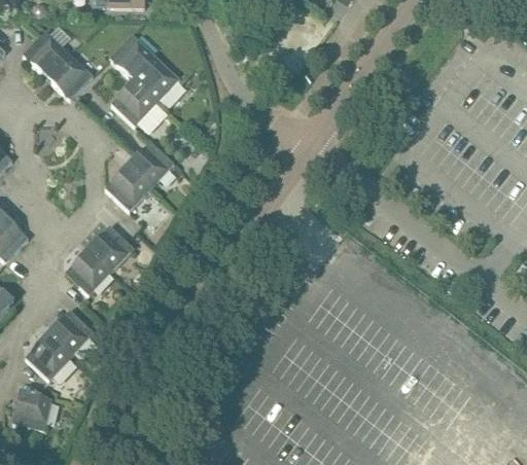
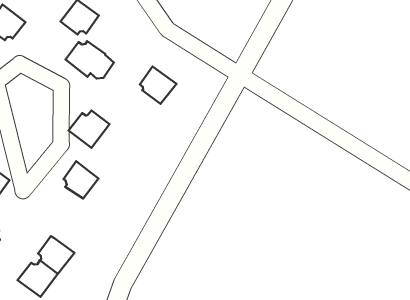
building: [50,53,93,99] -> none
building: [138,56,180,102] -> none
building: [132,140,175,185] -> [140,66,176,104]
building: [64,253,112,295] -> none

